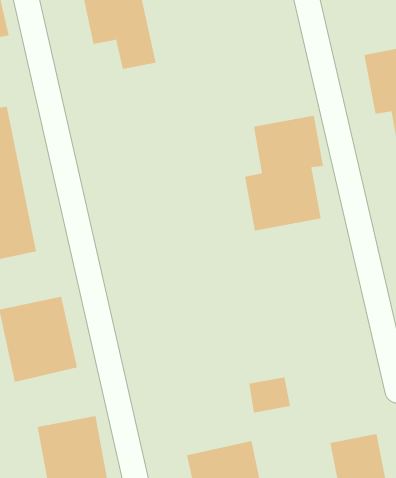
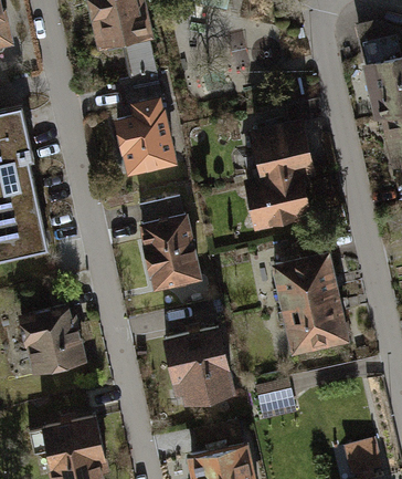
building: none -> [115,91,179,178]
building: none -> [138,210,208,294]
building: none -> [266,256,337,352]
building: none -> [162,324,243,414]

